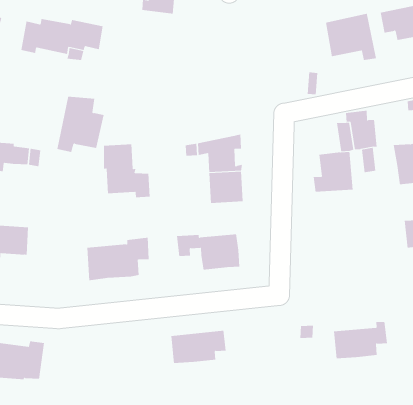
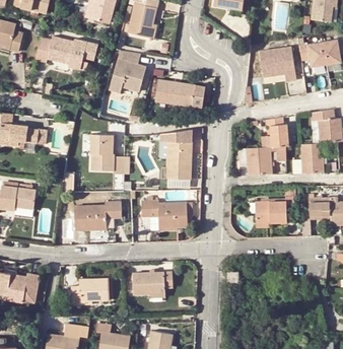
building: none -> [154,80,202,107]
building: [57,96,105,153] -> [107,51,143,92]
building: [333,321,388,359] -> [254,197,293,222]
building: none -> [71,278,109,305]

